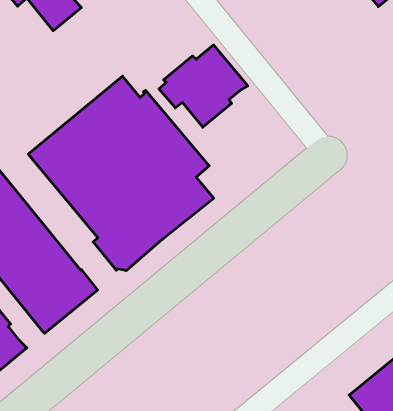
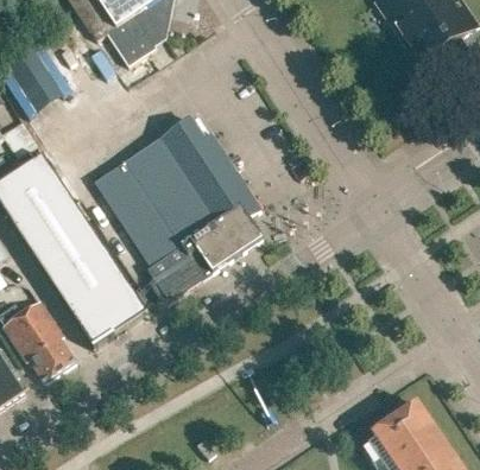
building: [159,45,248,127] -> none

